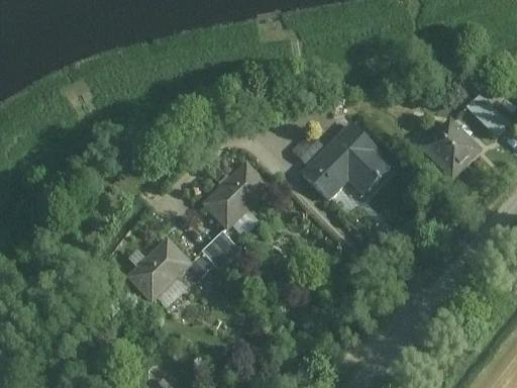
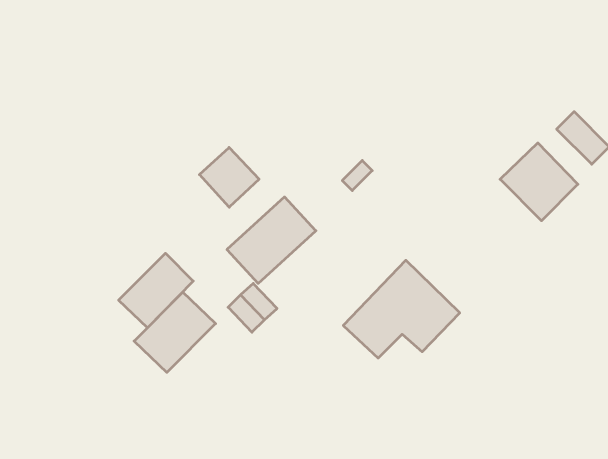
building: [301,119,395,198] -> [343,260,460,358]
building: none -> [199,147,259,207]
building: none -> [119,253,193,328]

